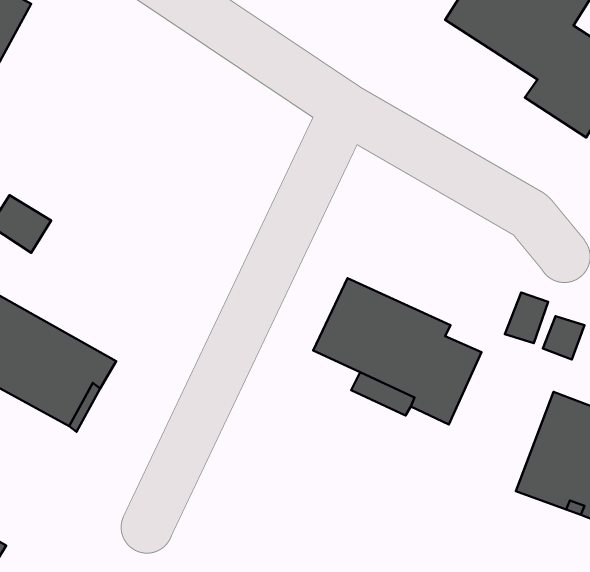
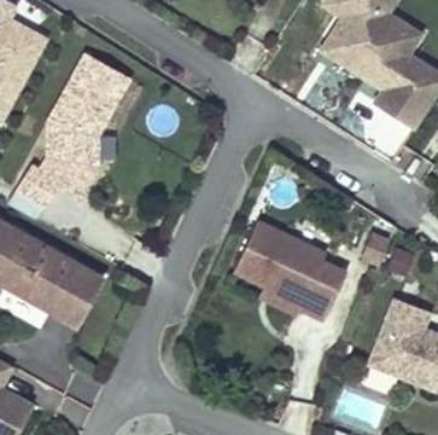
building: none -> [48,54,128,158]

